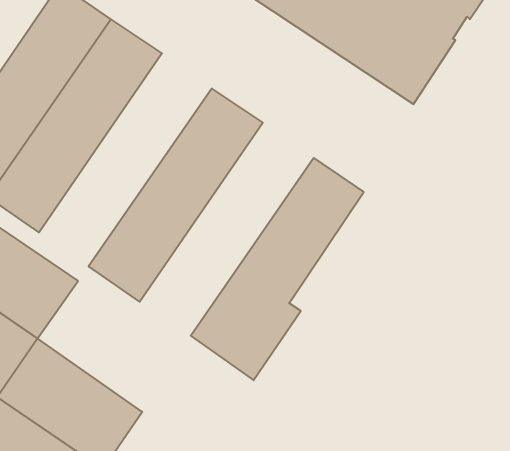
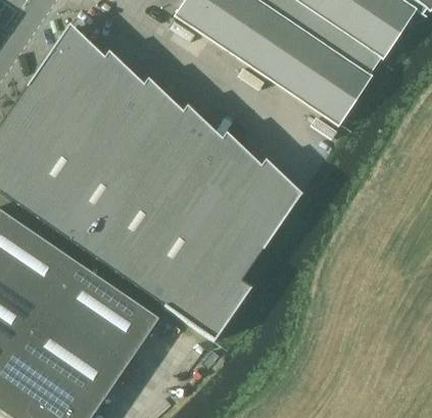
building: none -> [48,84,183,250]
building: none -> [127,138,262,305]
building: none -> [47,262,160,364]

